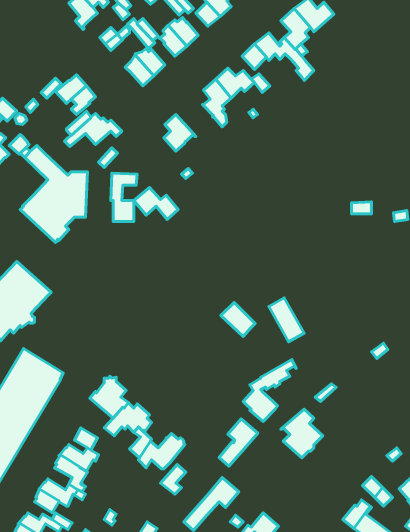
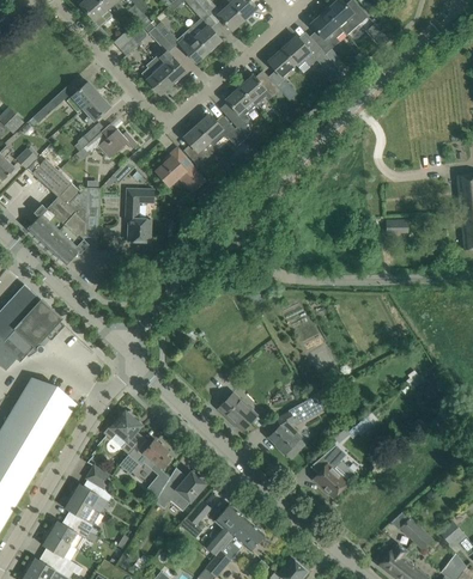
building: none -> [195,115,245,148]
building: [134,187,178,219] -> [154,157,202,191]
building: [221,302,255,337] -> [217,394,254,431]
building: [219,419,258,466] -> [204,504,245,555]

